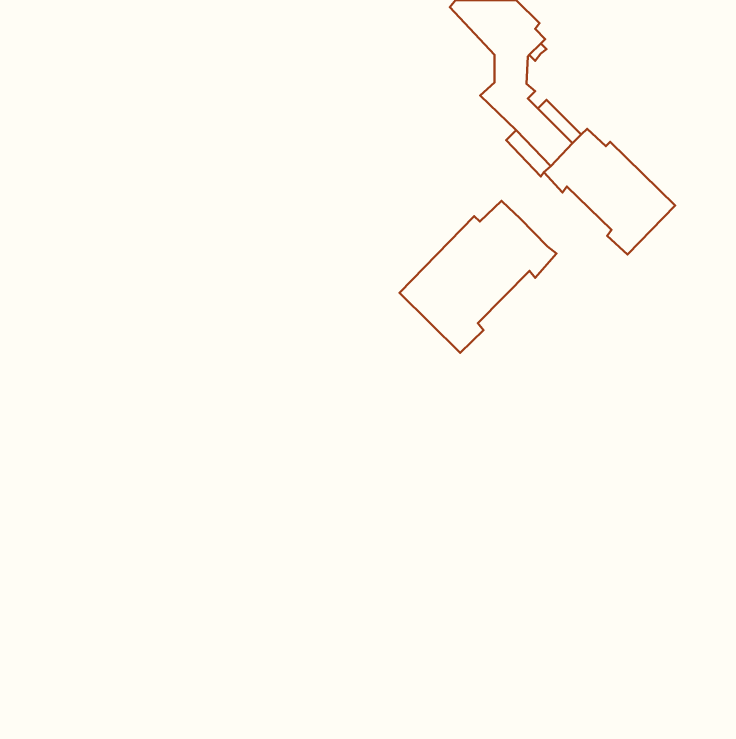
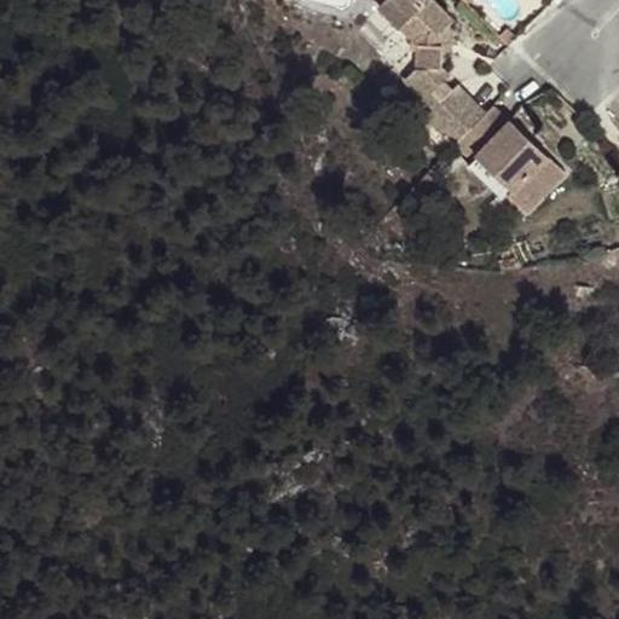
building: [399,201,557,353] -> none

